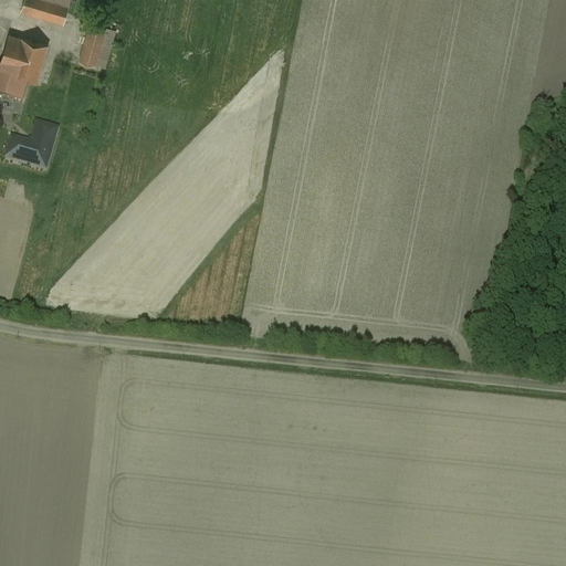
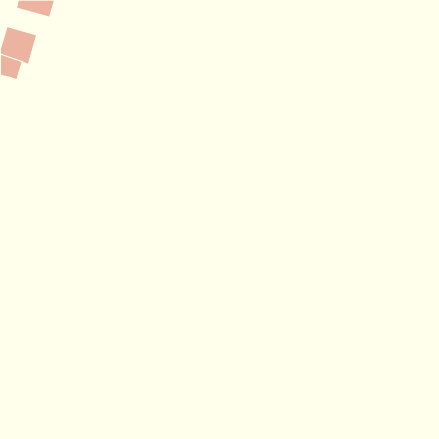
building: [80,22,107,65] -> none
building: [14,124,56,166] -> none

